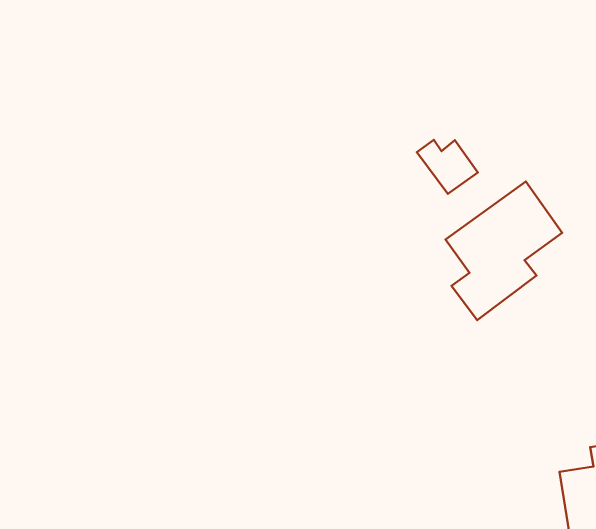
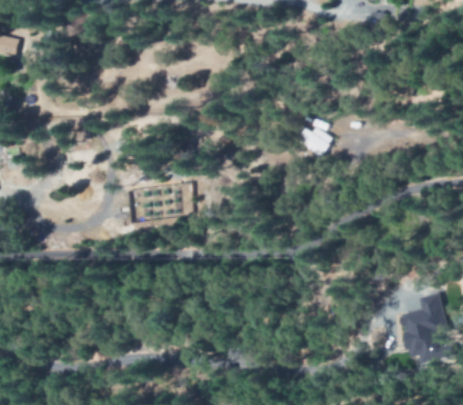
building: [446,182,562,320] -> none

